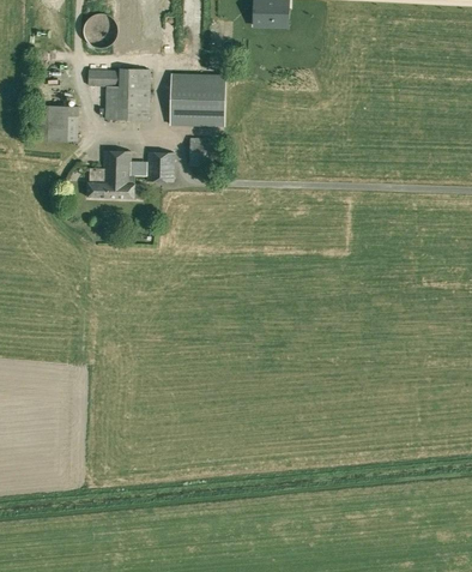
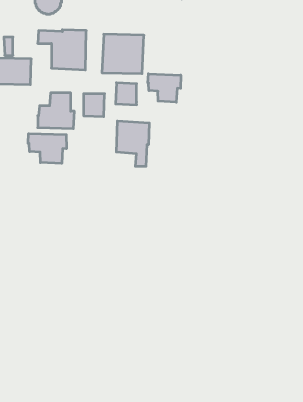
building: none -> [148,74,181,102]
building: none -> [116,121,149,166]
building: none -> [28,134,66,163]

